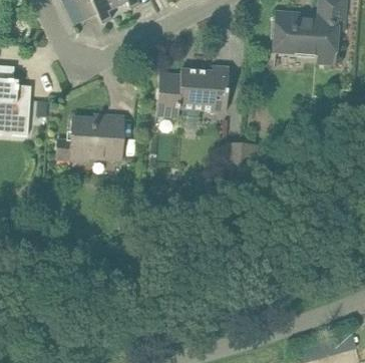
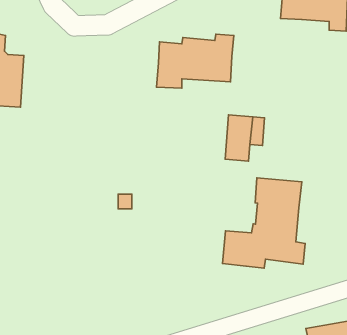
building: [55,114,122,161] -> none
building: none -> [223,178,305,268]

